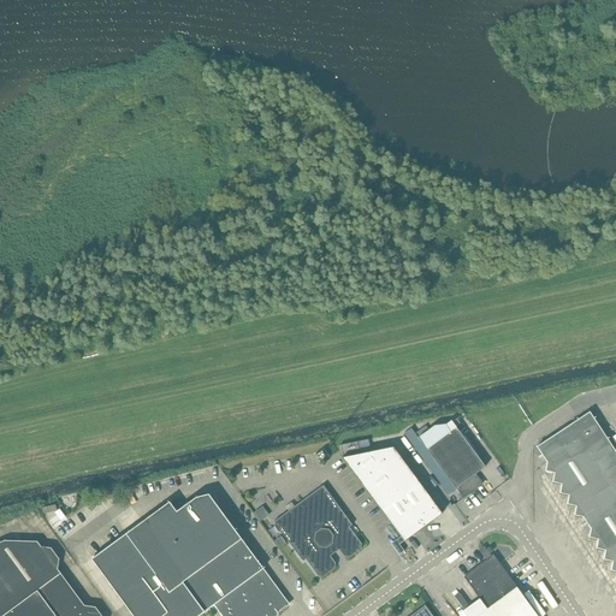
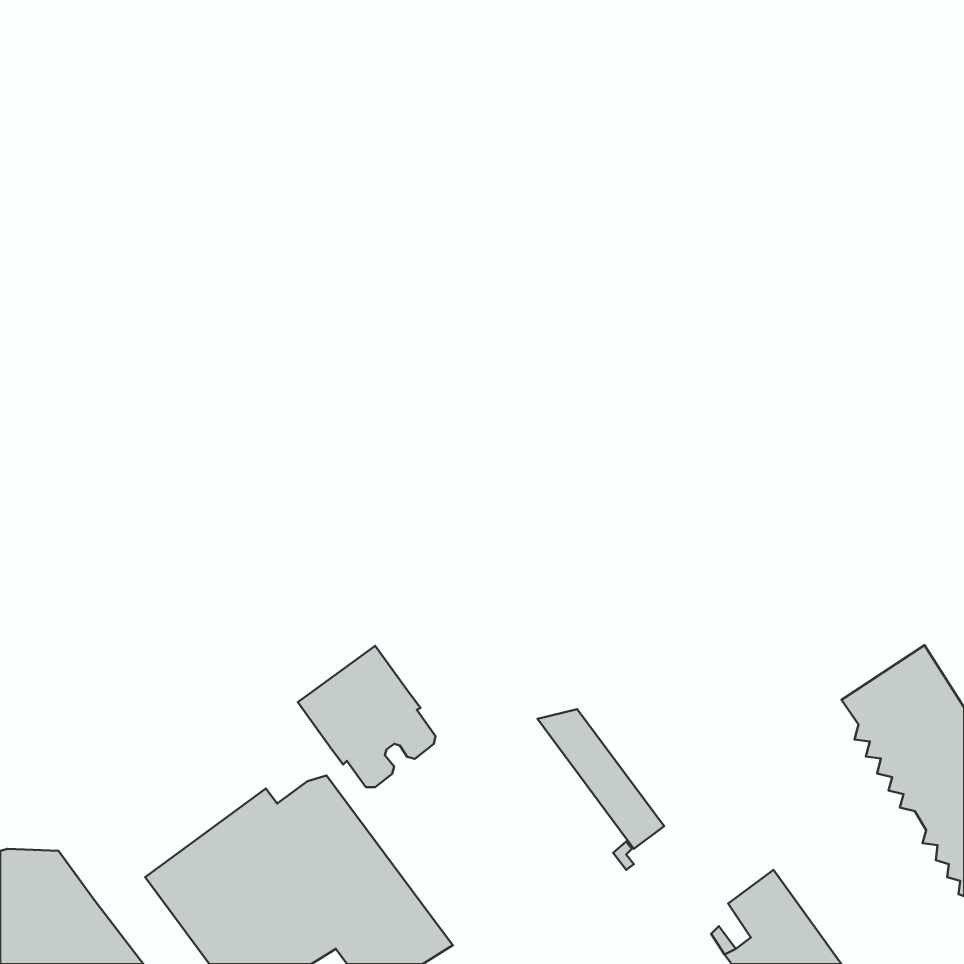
building: [404,425,486,498] -> none
building: [368,448,443,527] -> none
building: [274,486,362,576] -> [298,646,436,787]

